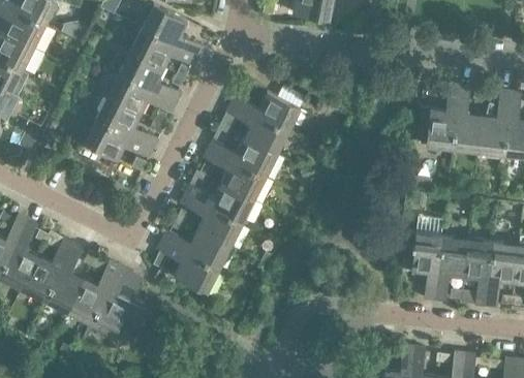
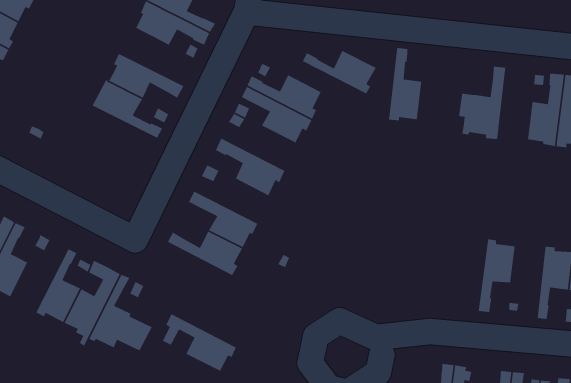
building: [119,52,181,102] -> none
building: [453,86,483,151] -> [388,47,422,121]
building: [86,120,153,160] -> none
building: [209,137,275,177] -> [302,50,377,95]
building: [185,184,254,223] -> none
building: [402,232,443,301] -> none
building: [24,239,74,302] -> none
building: [153,240,219,291] -> [162,313,237,372]
building: [464,241,494,307] -> none

